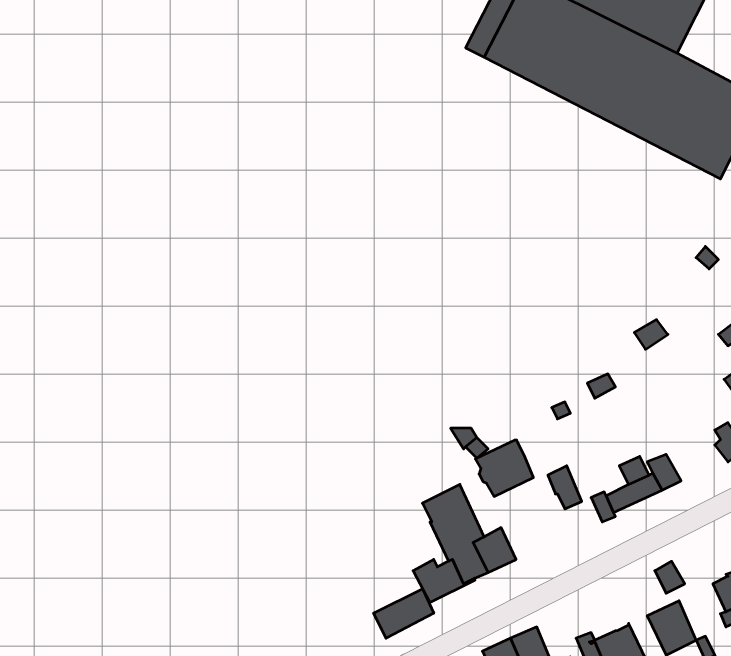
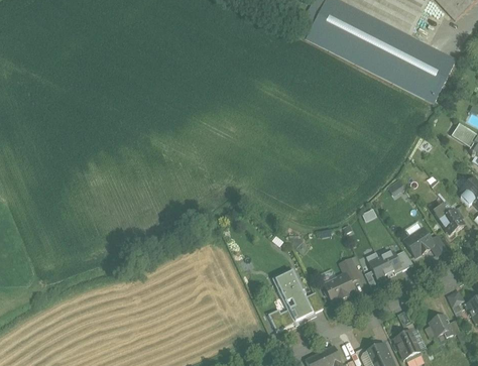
building: none -> [403,227,433,256]
building: [475,440,533,496] -> [323,272,354,302]
building: [374,589,434,638] -> none

